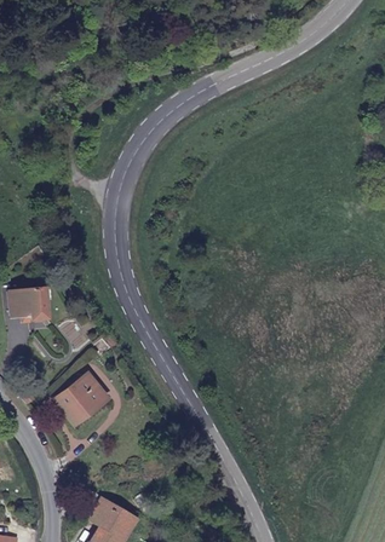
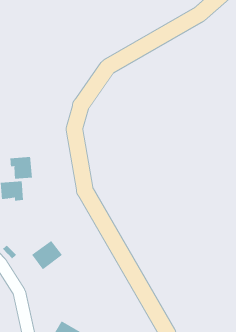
building: none -> [10,156,32,180]

